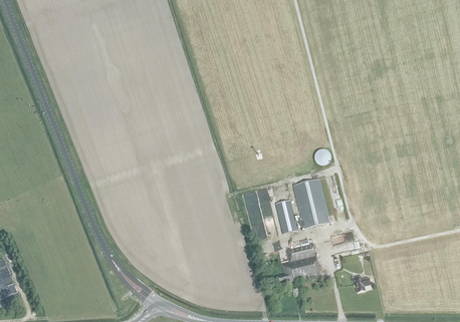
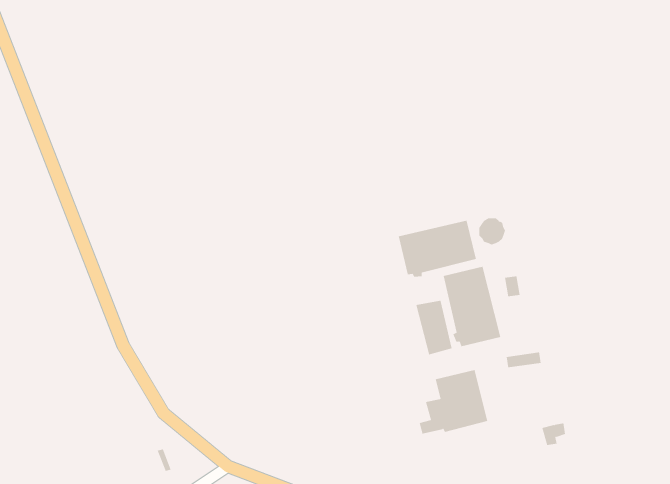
building: none -> [398,220,476,277]

